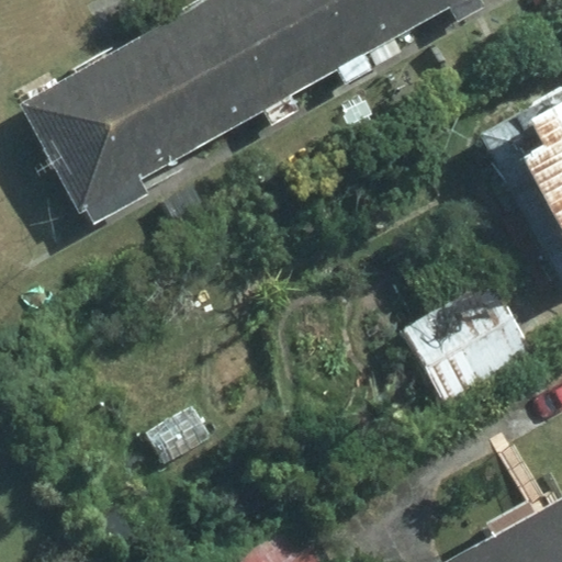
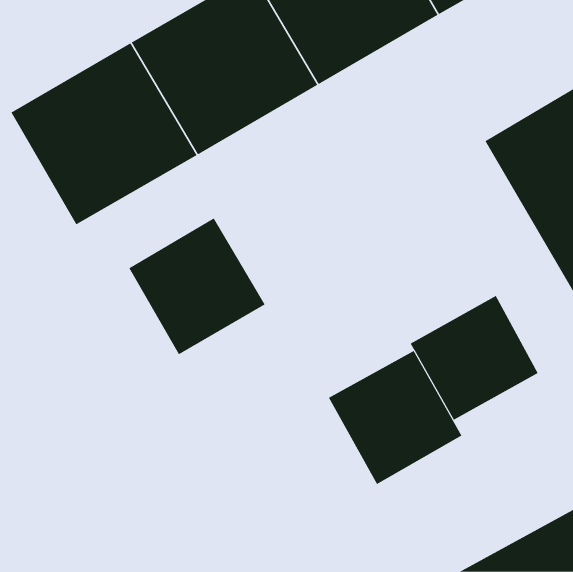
building: none -> [129,218,266,355]
building: none -> [328,350,462,485]

